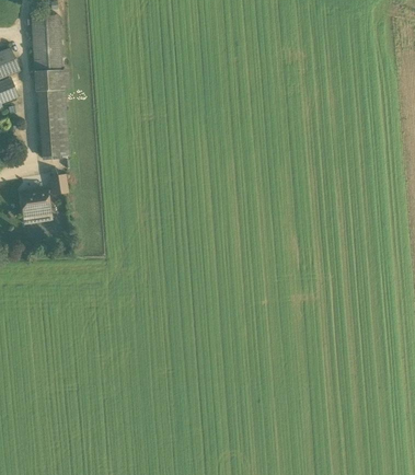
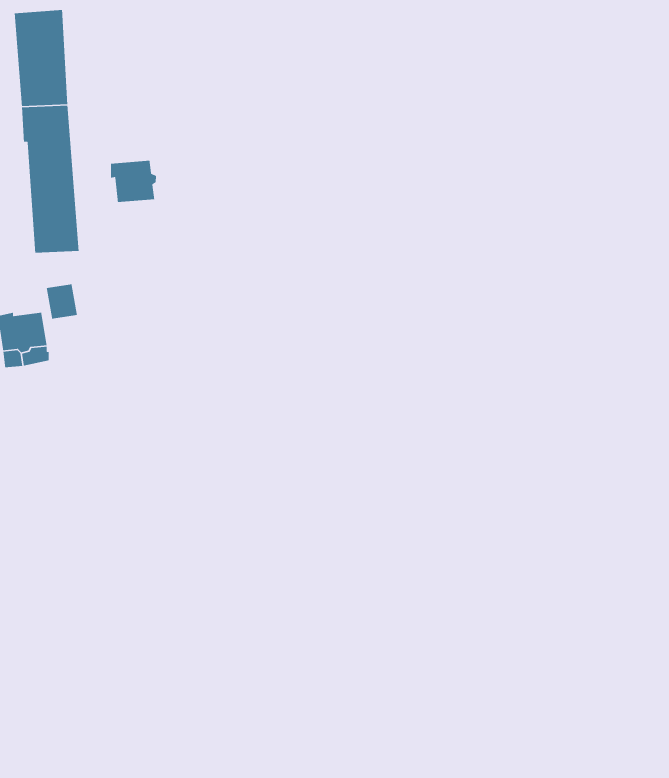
building: none -> [110,160,157,203]

